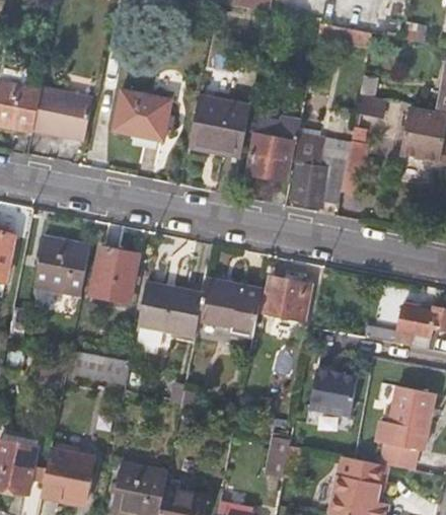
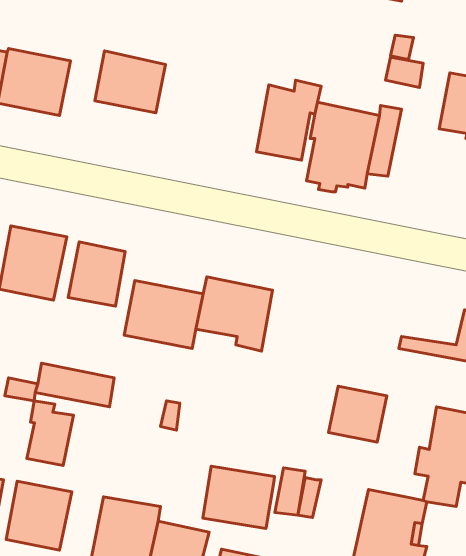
building: [189,95,250,158] -> none
building: [264,278,311,319] -> none
building: none -> [27,401,74,466]
building: none -> [203,466,274,529]

